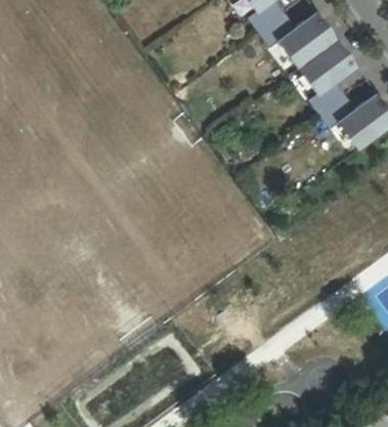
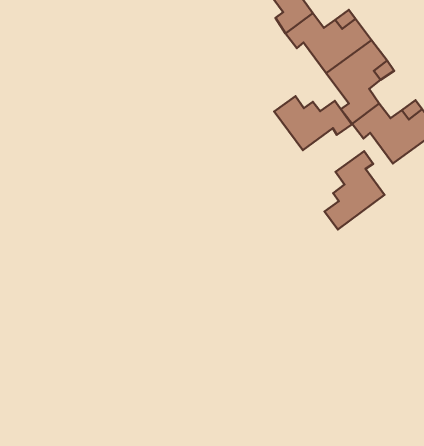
building: none -> [274,96,352,150]
building: none -> [324,151,384,230]

